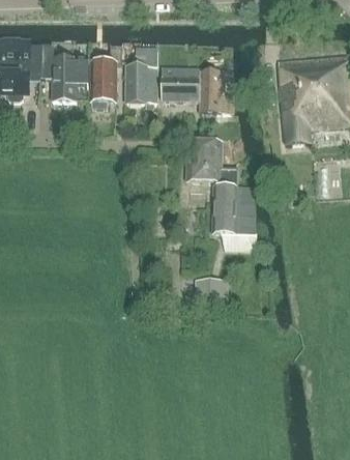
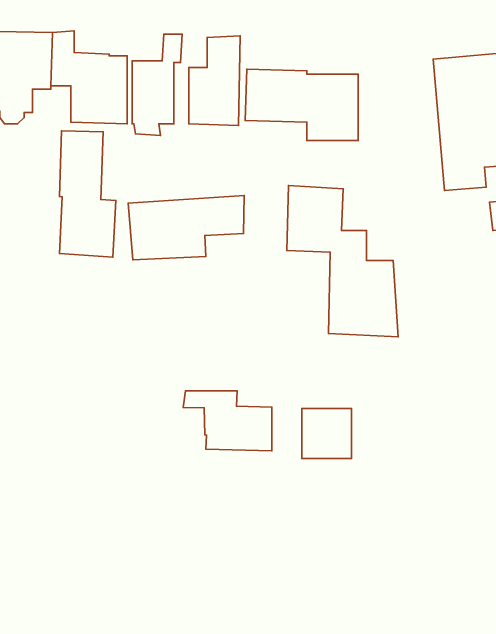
building: none -> [59,131,116,257]
building: none -> [128,196,244,260]
building: none -> [183,391,272,451]

